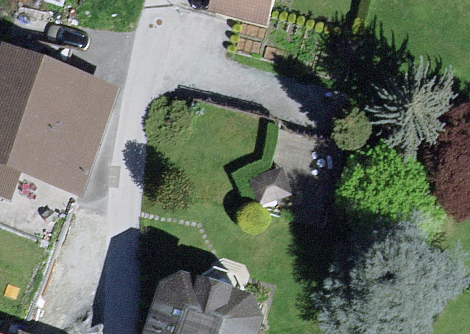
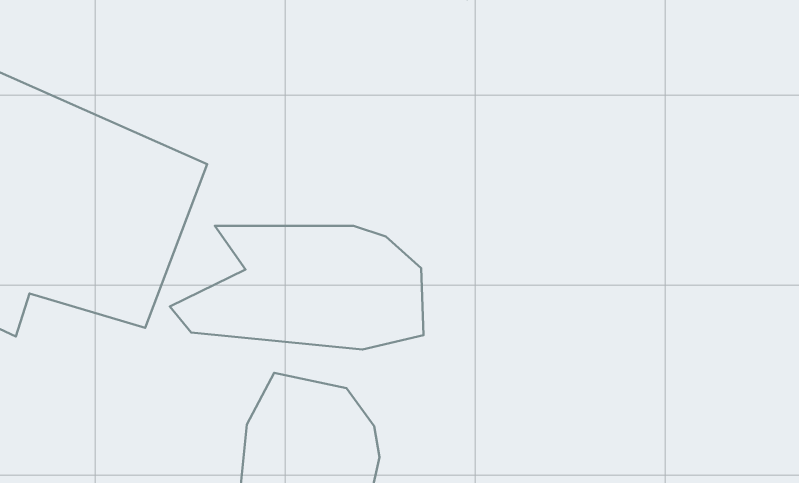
building: none -> [170,226,424,350]

